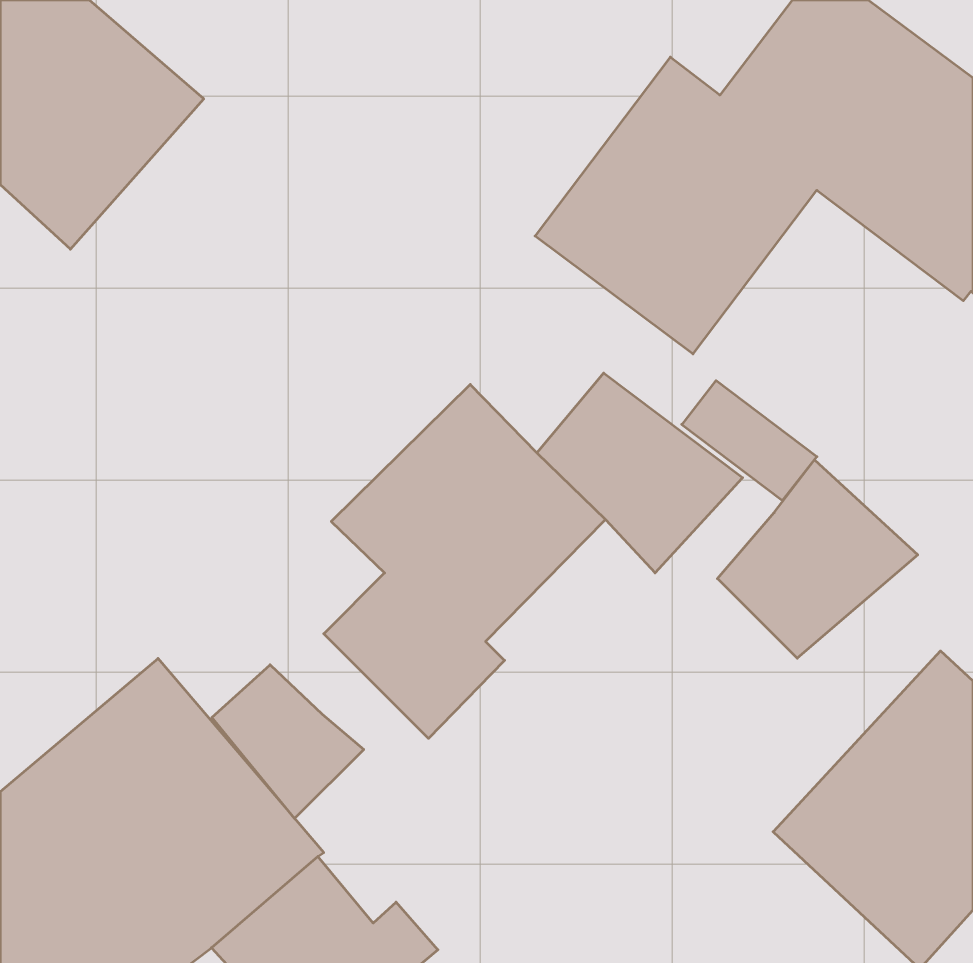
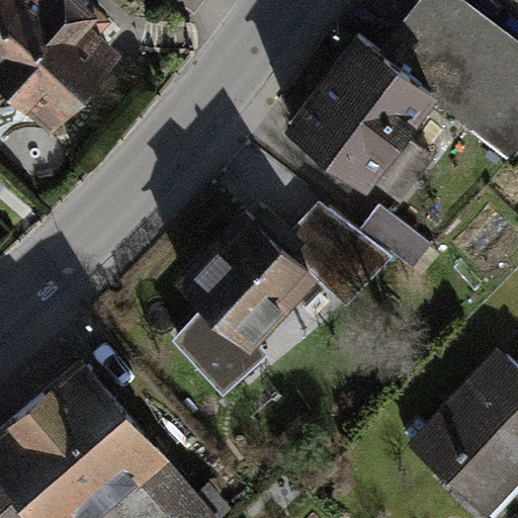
building: [717,460,918,658] -> none
building: [212,665,364,819] -> none

